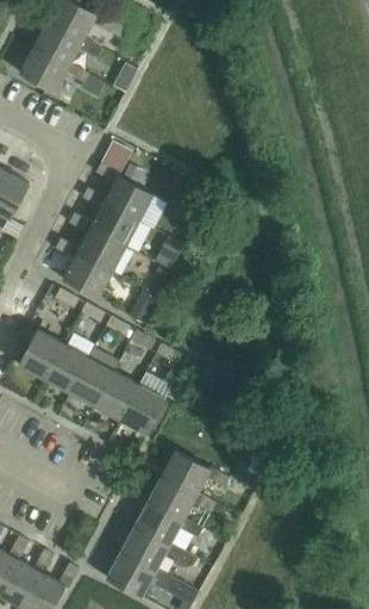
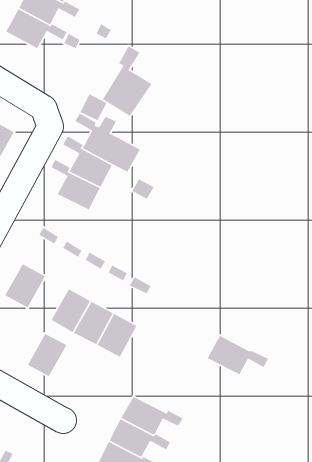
building: none -> [102,45,153,117]
building: [56,238,112,297] -> none
building: [44,343,89,392] -> [27,333,68,377]
building: [161,449,230,495] -> [207,335,269,376]

